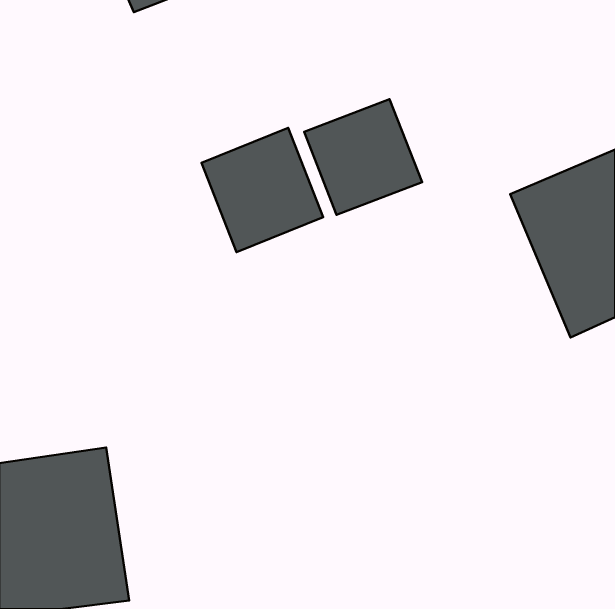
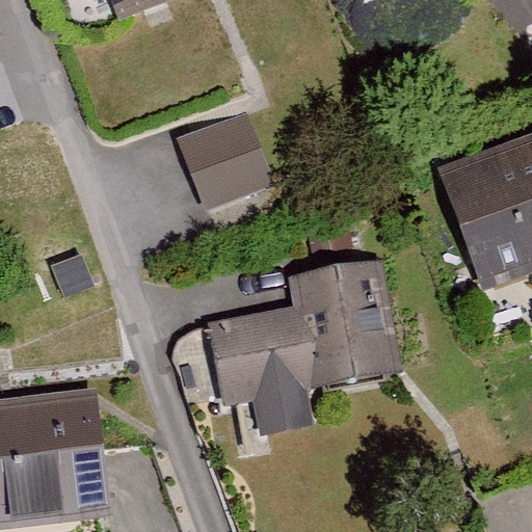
building: [304,99,422,215] -> none
building: none -> [202,259,385,441]

